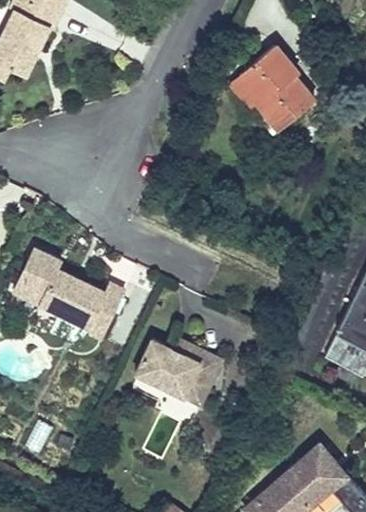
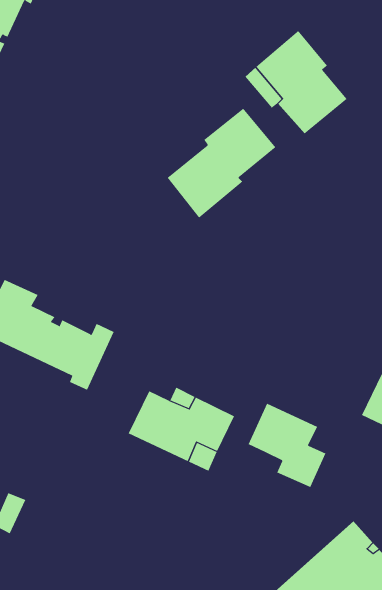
building: none -> [167,108,276,218]
building: none -> [248,403,326,488]

